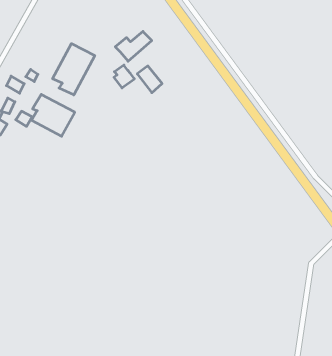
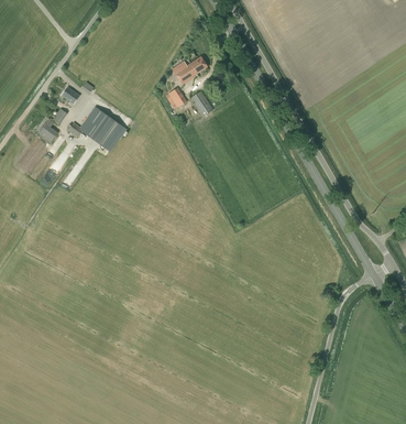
building: [53,44,95,95] -> none

